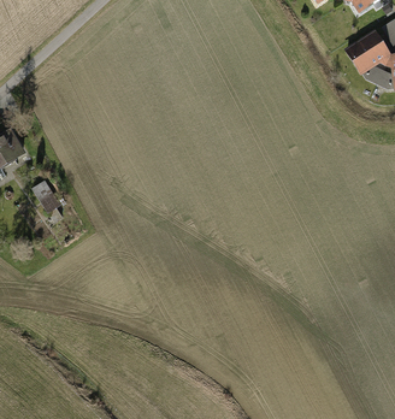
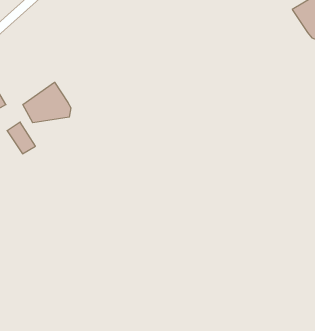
building: none -> [23,82,71,123]

